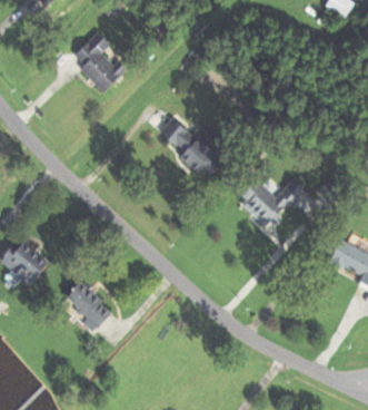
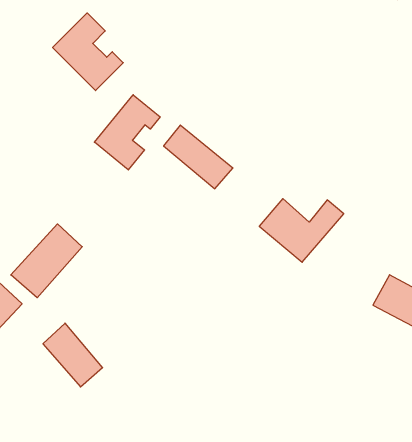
building: none -> [94,95,160,170]
building: none -> [11,224,82,298]

